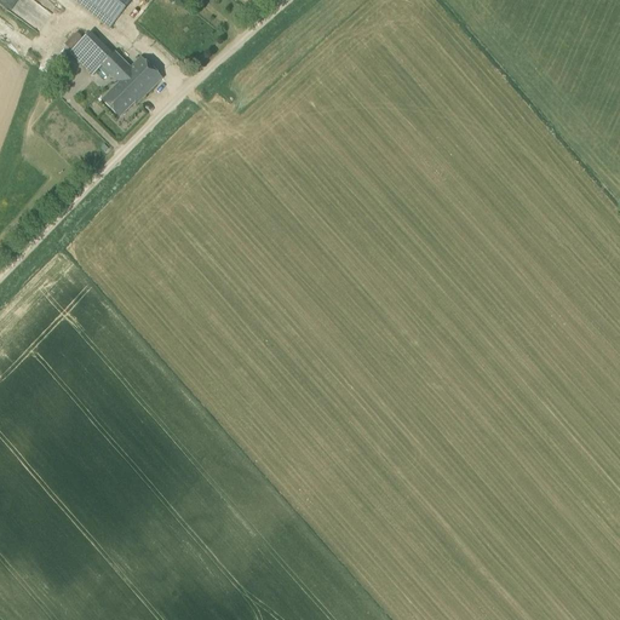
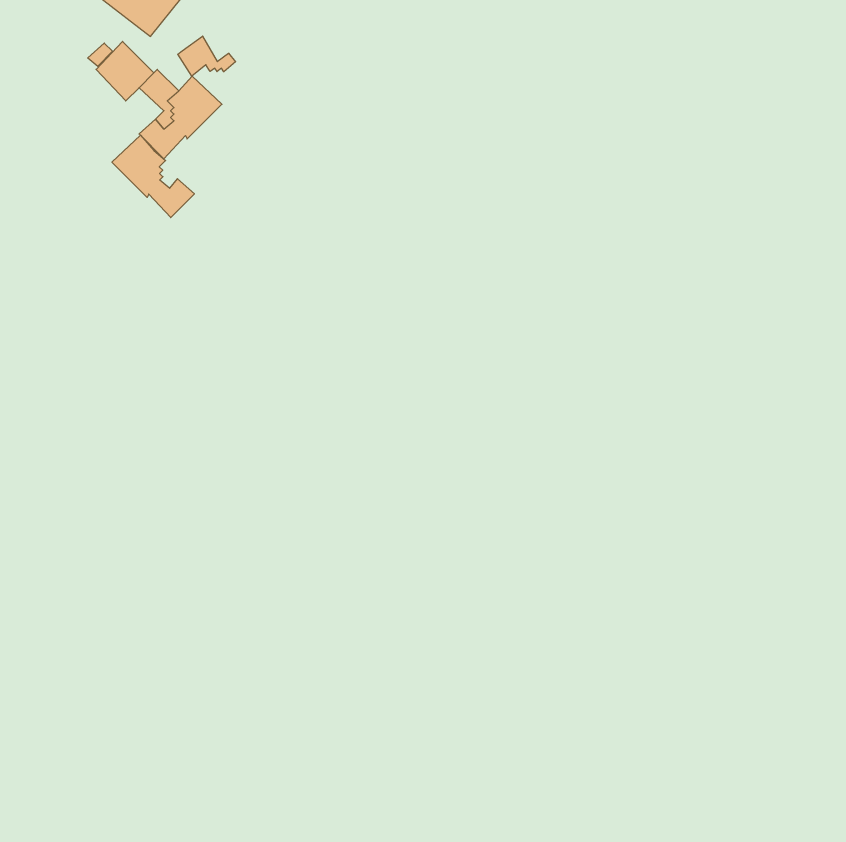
building: none -> [178,36,236,76]
building: none -> [112,135,194,218]

